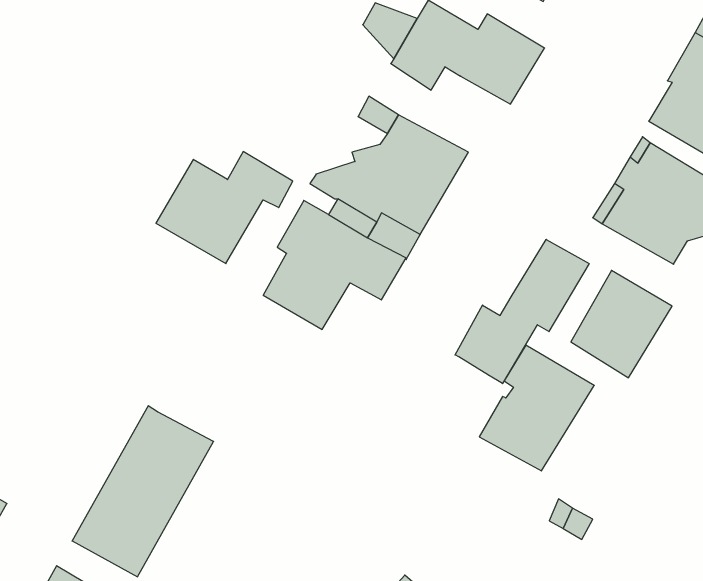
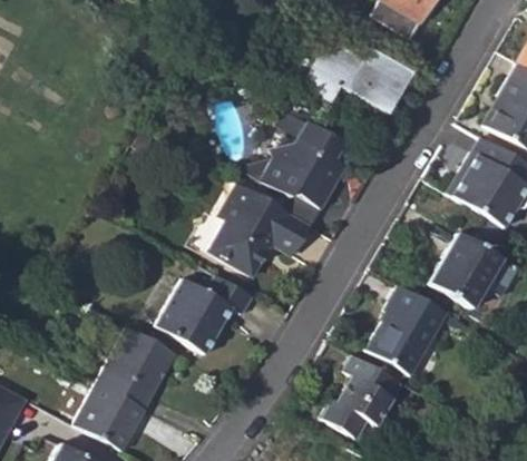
building: [156,152,293,264] -> [156,273,254,353]
building: [455,239,589,384] -> none
building: none -> [321,353,403,439]

